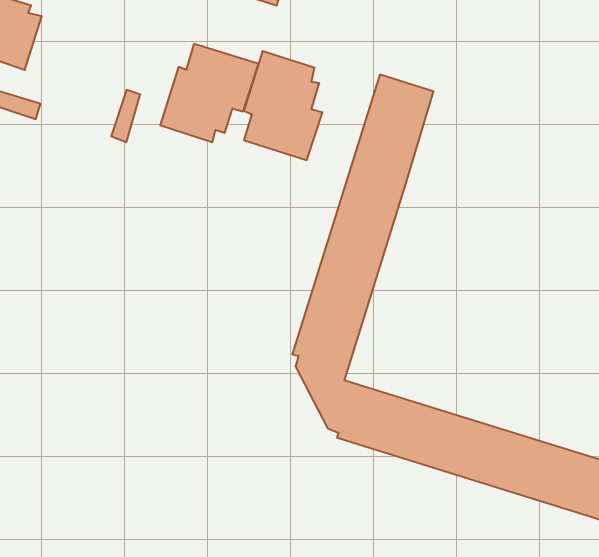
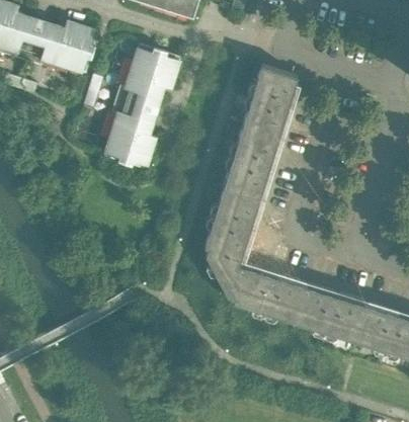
building: none -> [28,21,99,73]
building: [244,51,322,160] -> [105,97,157,169]

